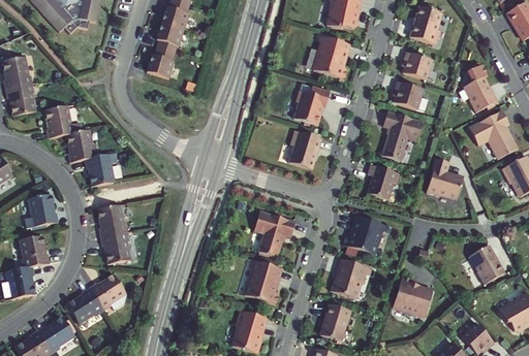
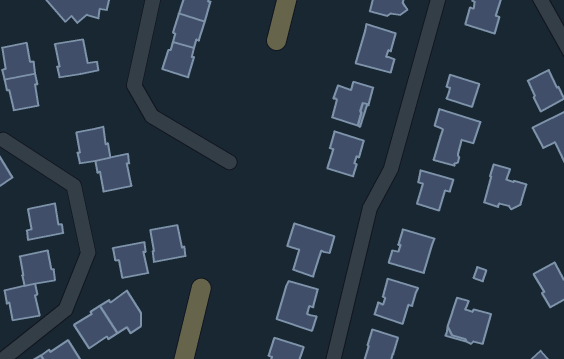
building: [402,52,431,79] -> none
building: [45,101,84,134] -> [55,40,98,77]
building: [97,200,128,232] -> [150,225,186,262]

